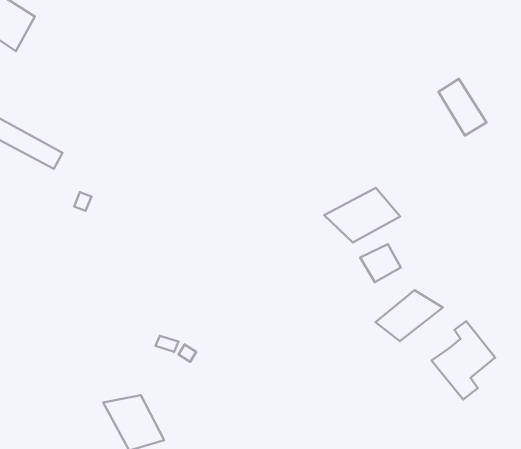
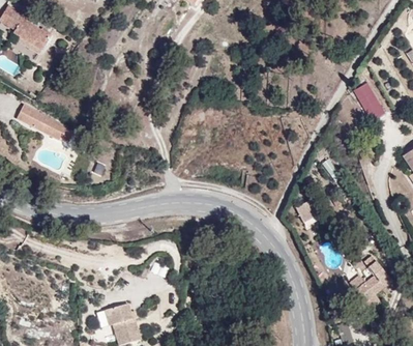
building: [324,188,400,243] -> none
building: [375,290,443,341] -> none

